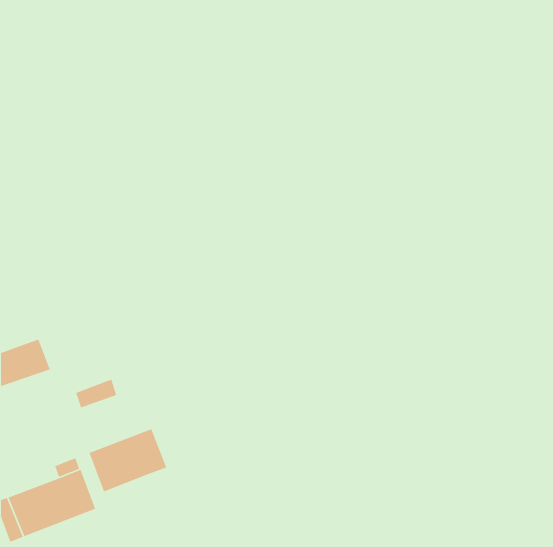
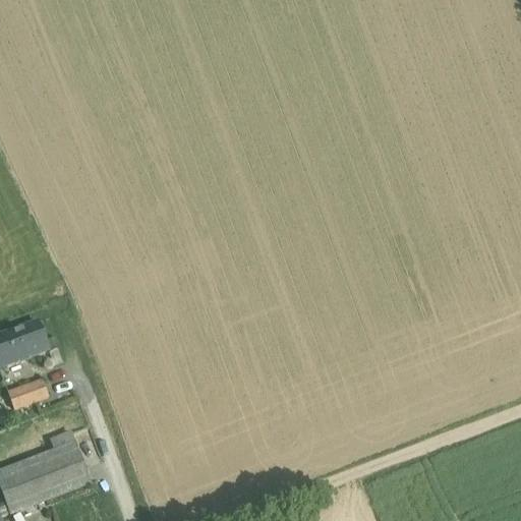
building: [75,378,117,409] -> [8,378,48,406]
building: [89,428,167,492] -> none

